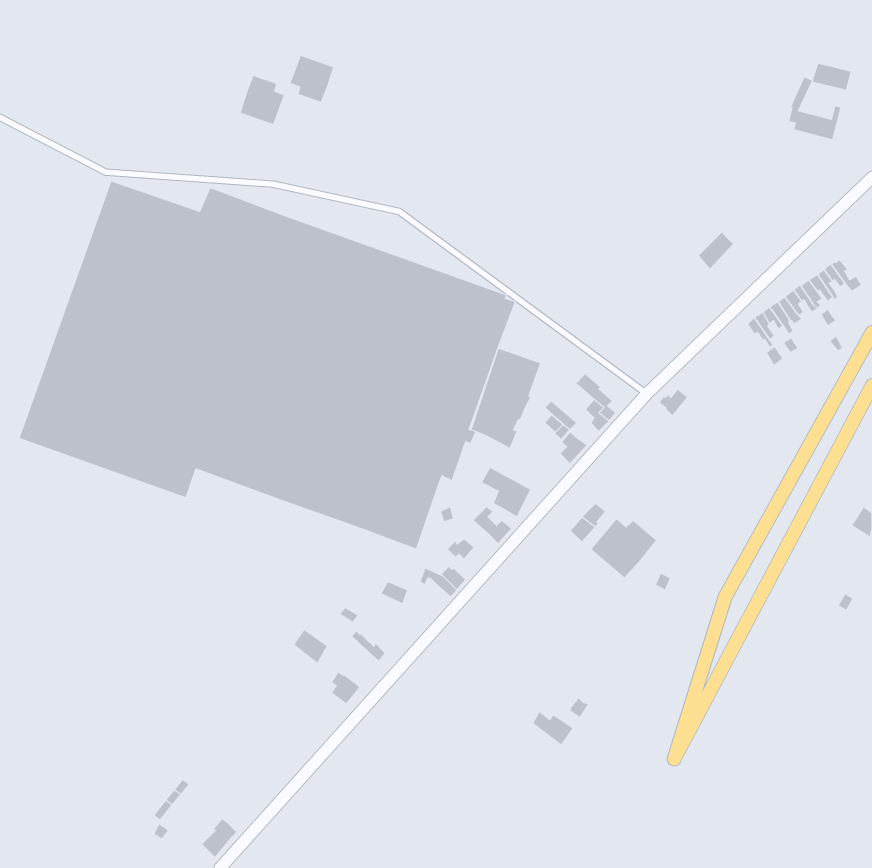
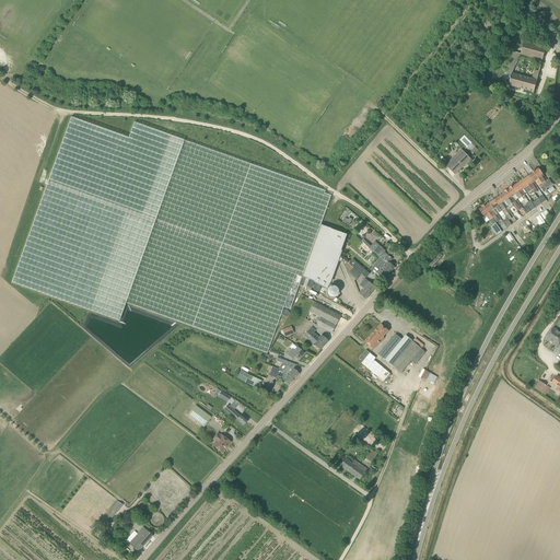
building: [290,55,334,103] -> none
building: [240,75,285,125] -> none

